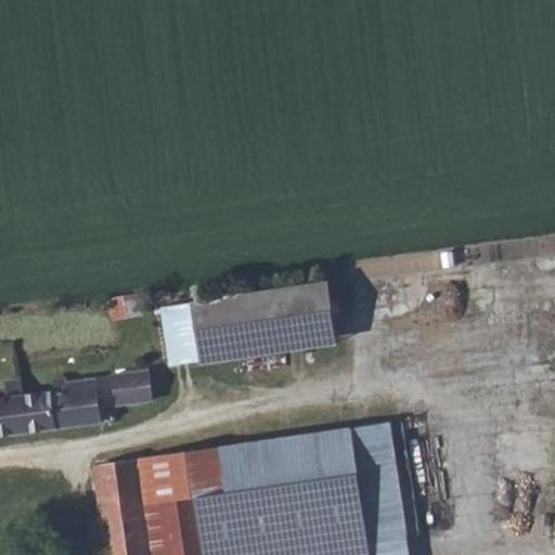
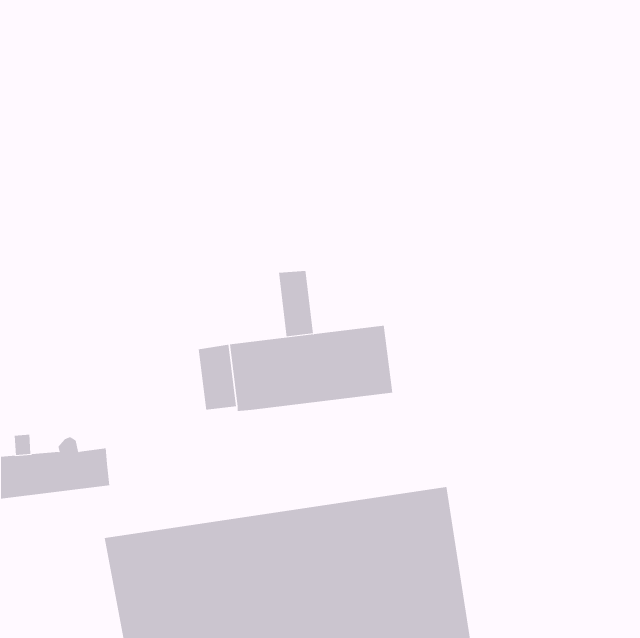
building: none -> [278,270,313,337]
building: [109,374,147,406] -> none

